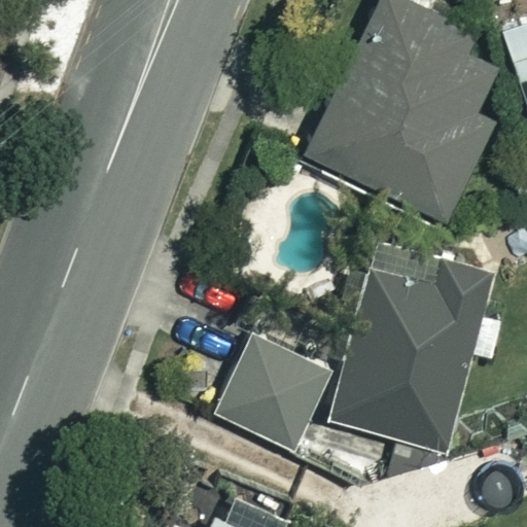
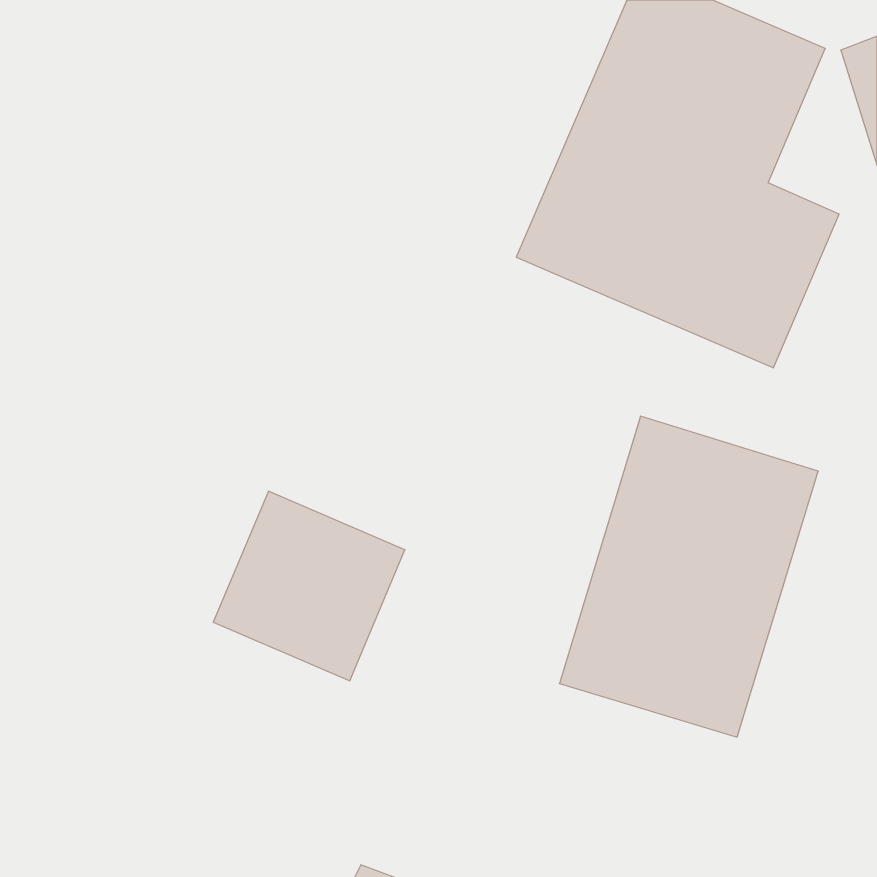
building: [214,337,328,450] -> [213,491,405,681]

